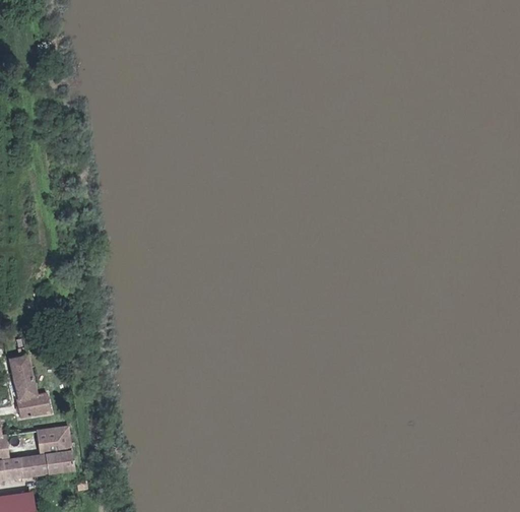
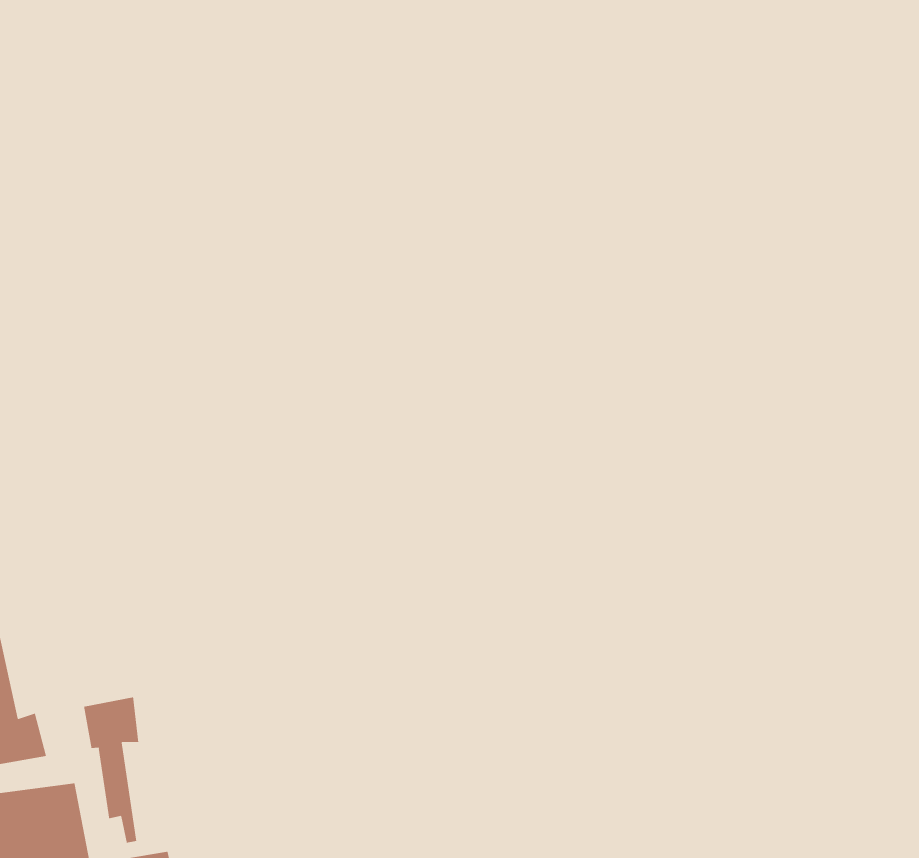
building: none -> [83,696,139,843]

